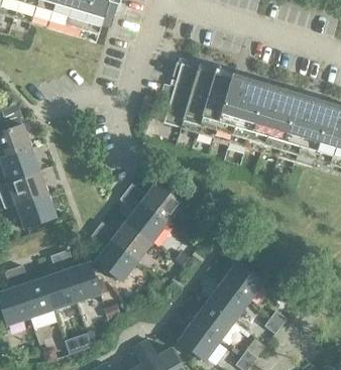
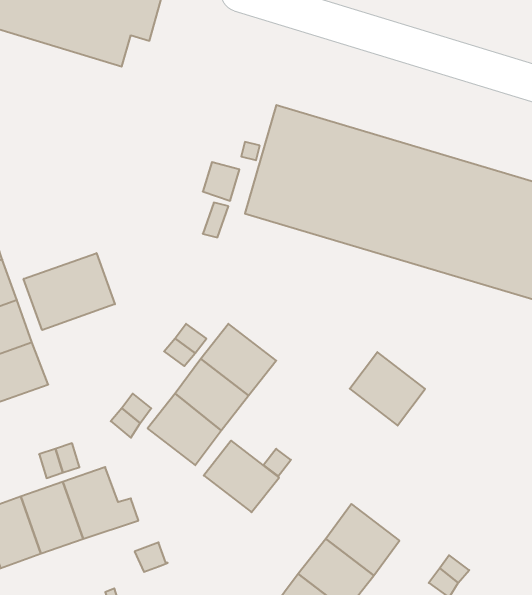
building: none -> [24,253,115,330]
building: [96,240,137,279] -> [204,441,279,512]
building: [223,261,264,301] -> [350,352,425,426]

